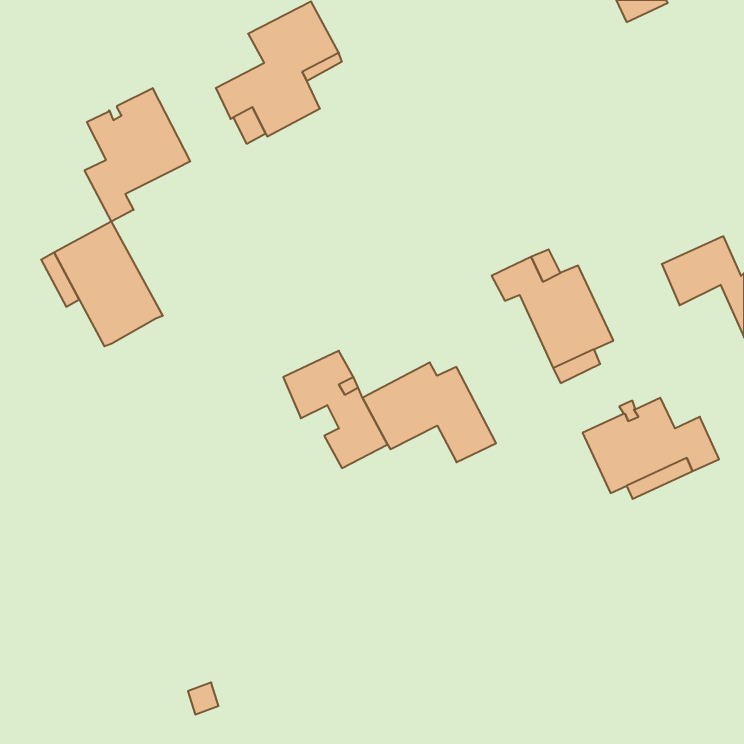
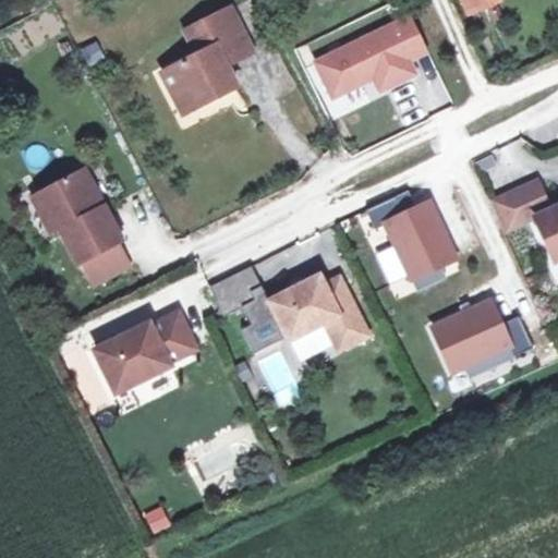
building: none -> [315,14,426,94]
building: [85,88,190,222] -> none
building: none -> [83,241,129,281]
building: none -> [96,312,195,390]

